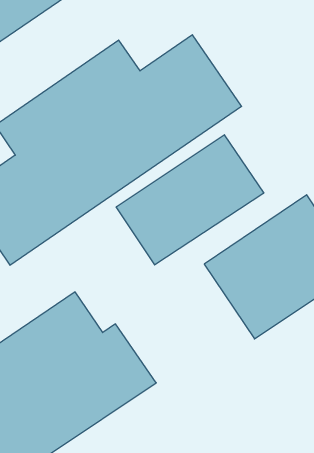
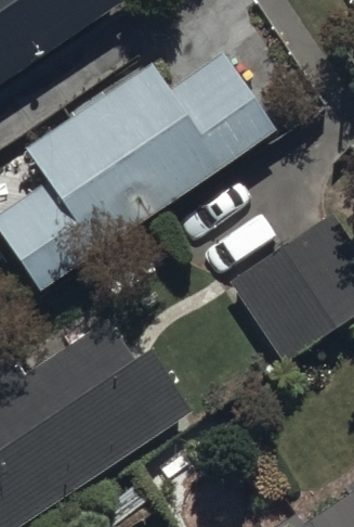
building: [116,135,264,265] -> none

